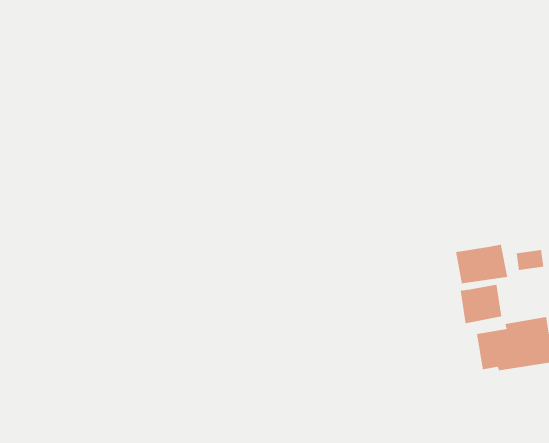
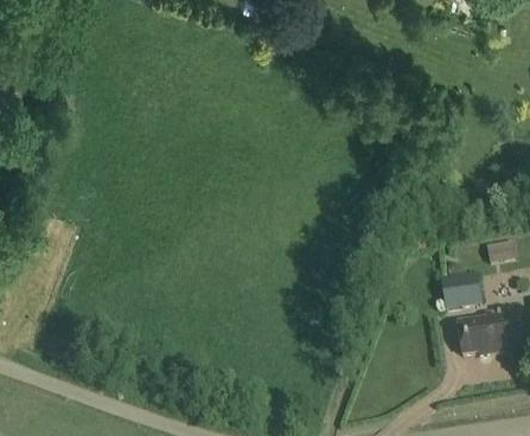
building: [455,244,508,284] -> none

